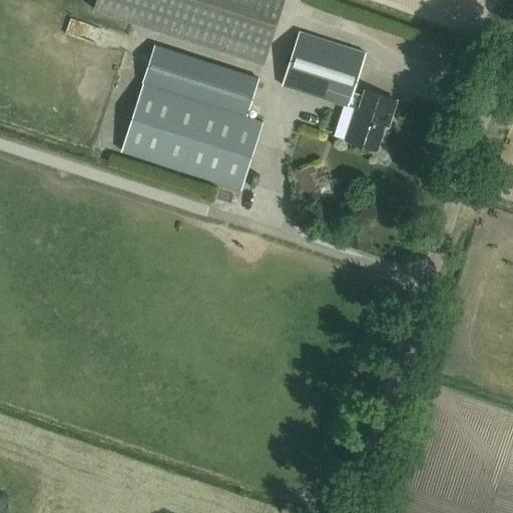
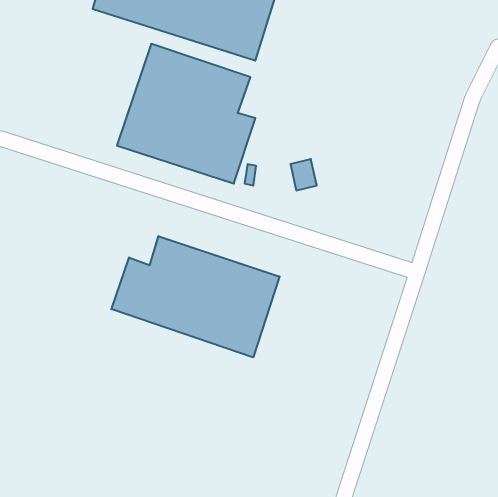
building: [282,31,396,148] -> none
building: none -> [111,236,280,357]

